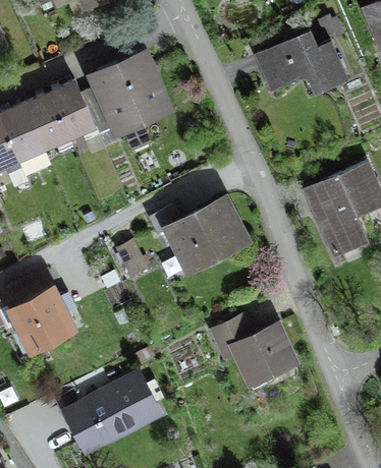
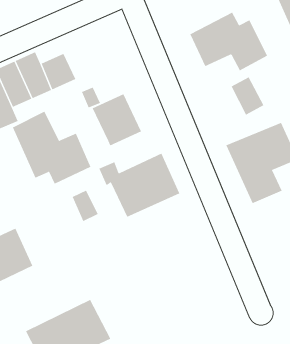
building: [105,55,164,117] -> [92,94,142,146]
building: none -> [231,77,264,115]
building: none -> [12,111,91,185]
building: [210,321,298,389] -> none

